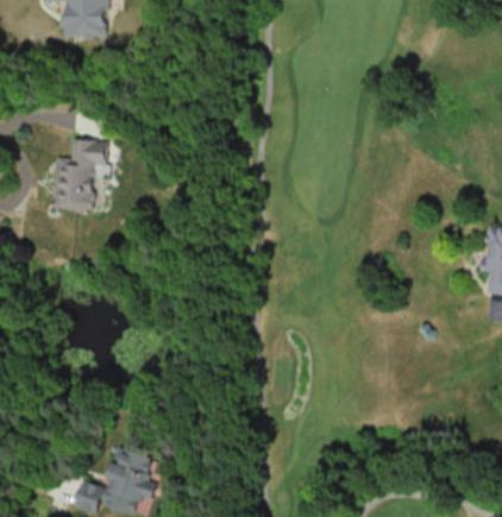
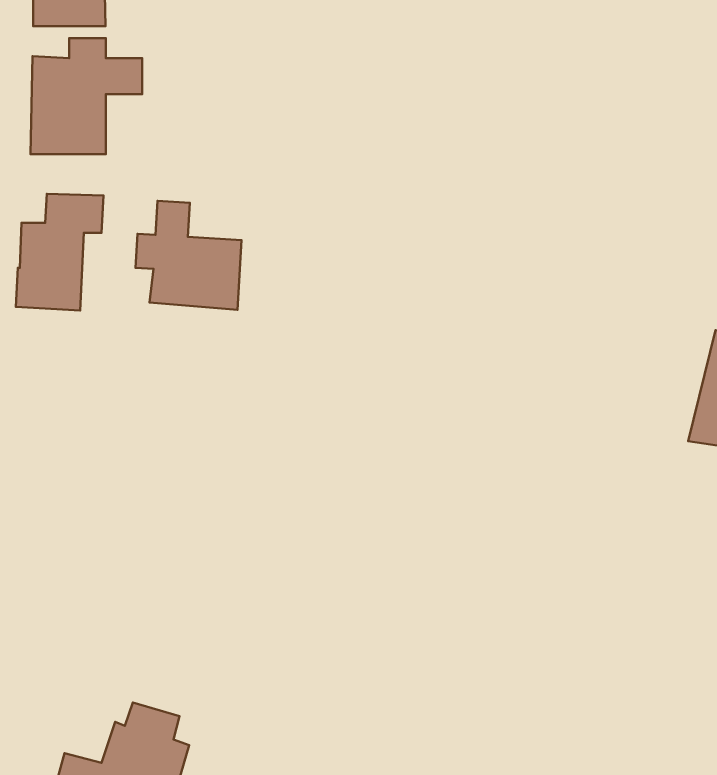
building: none -> [31,38,142,154]
building: none -> [135,201,242,310]

